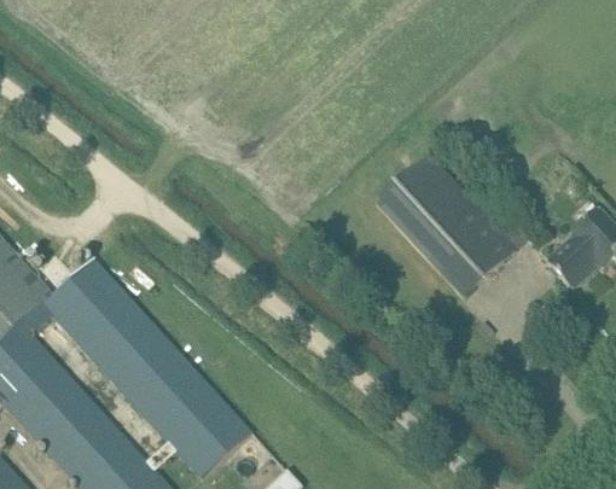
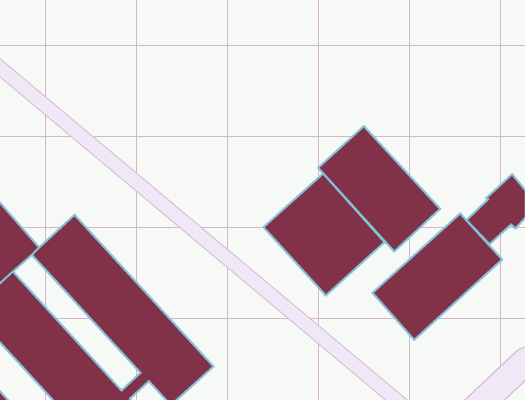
building: none -> [264,174,384,296]
building: none -> [372,214,502,340]

